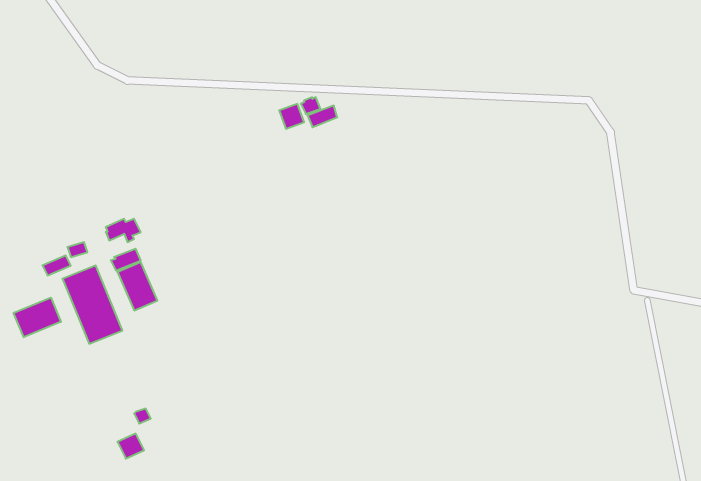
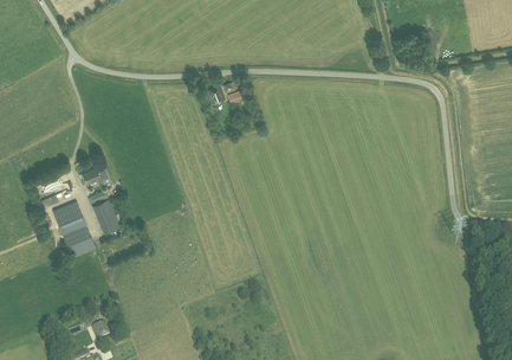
building: [14,298,61,337] -> none

